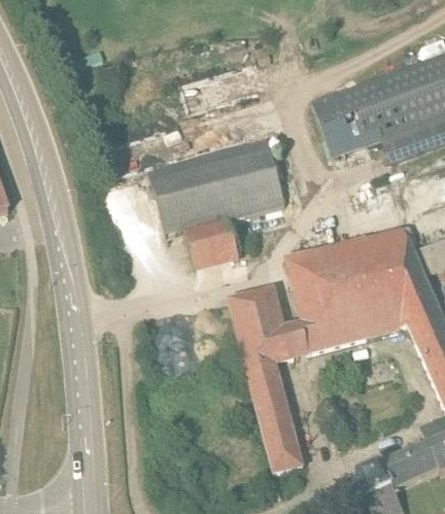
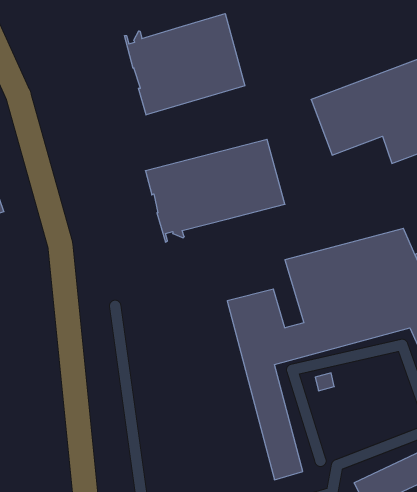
building: none -> [125,14,245,115]
building: [183,217,237,264] -> none

